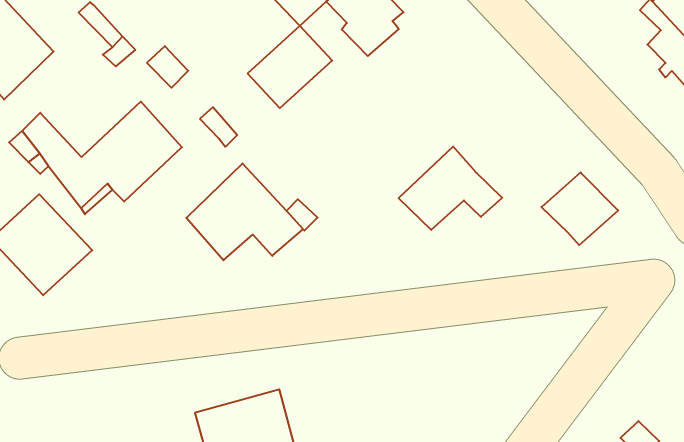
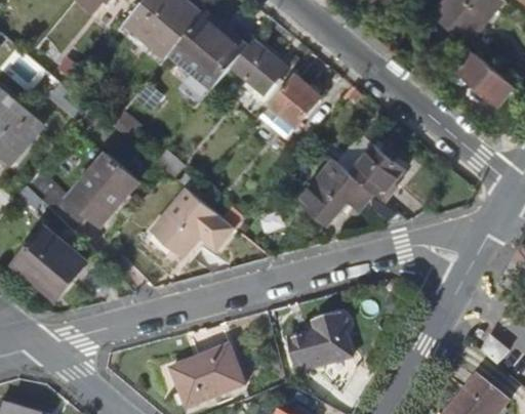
building: [248,26,332,108] -> [267,70,325,129]
building: [541,172,618,245] -> [350,148,404,199]
building: none -> [286,310,353,368]

